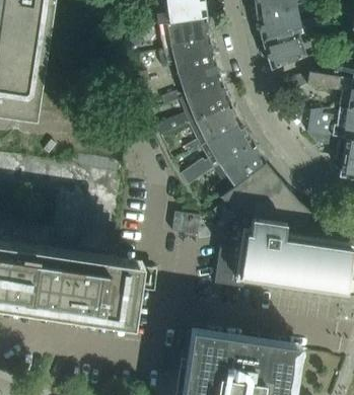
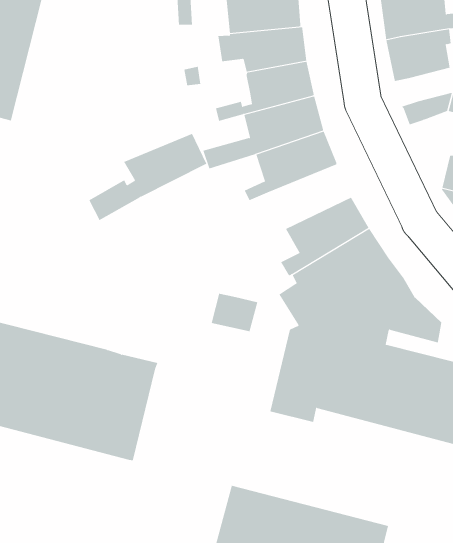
building: [182,126,254,186] -> [88,133,207,221]

